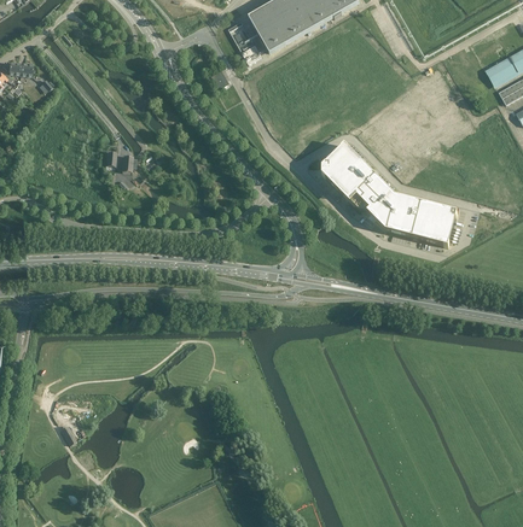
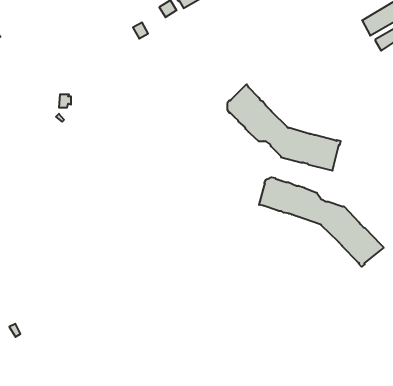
building: none -> [259,177,384,267]

